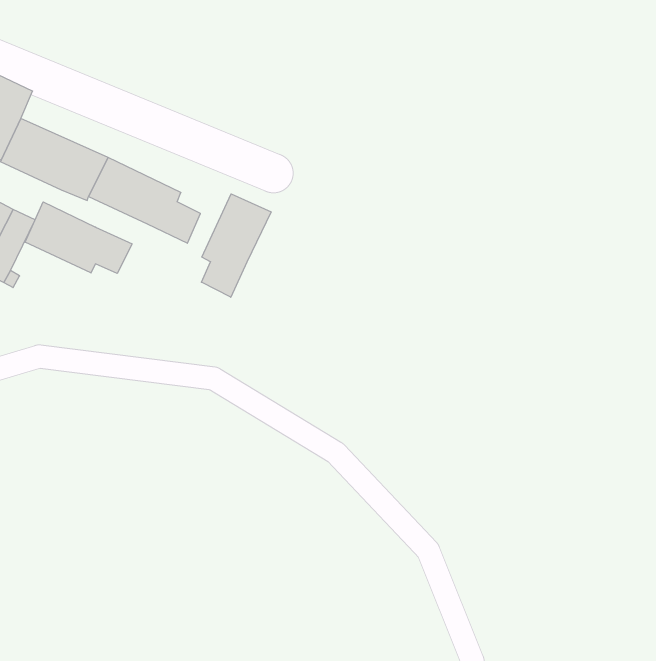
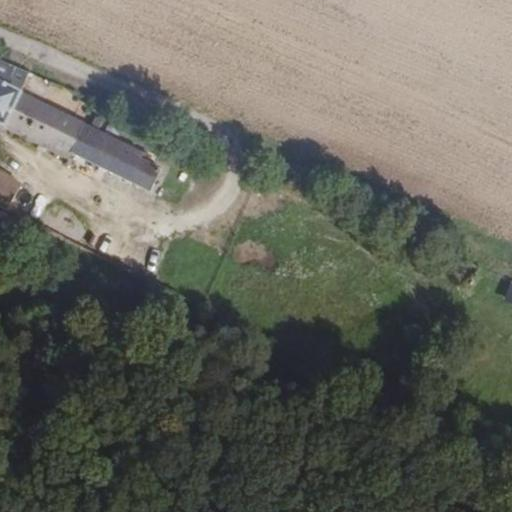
building: [201,194,271,297] -> none
building: [25,202,132,273] -> none

